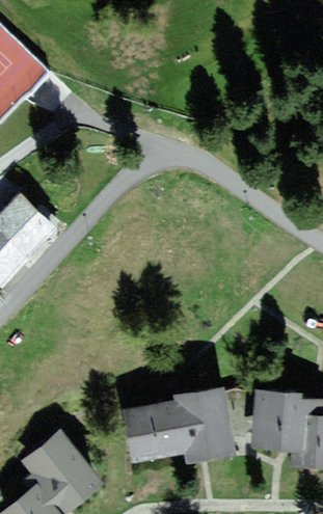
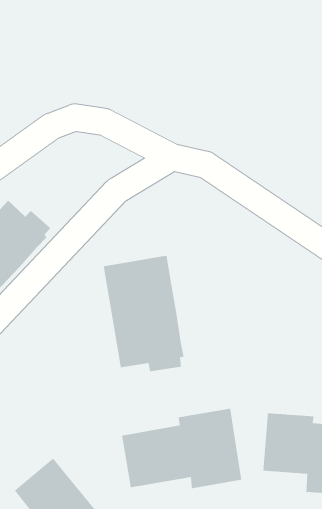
building: none -> [103,255,184,372]

